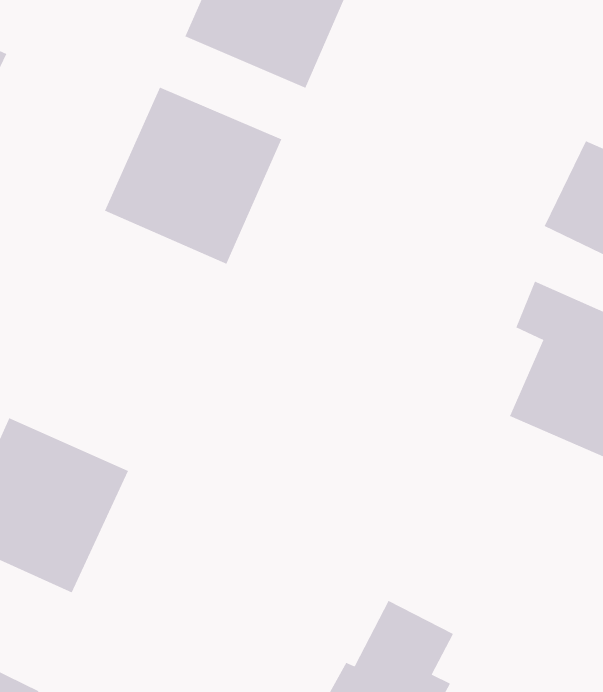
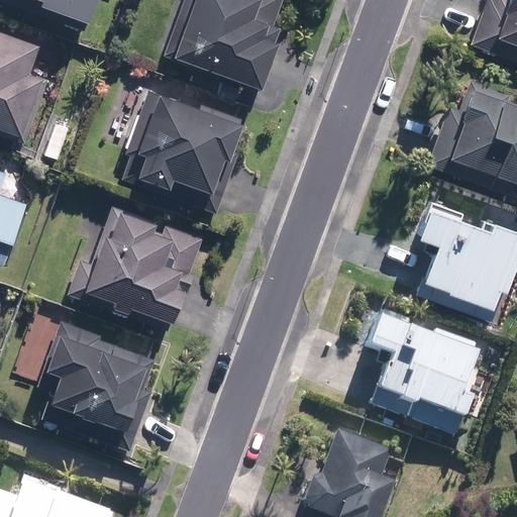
building: none -> [81,204,199,326]
building: none -> [359,309,481,436]

